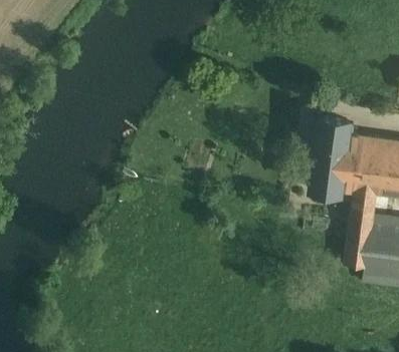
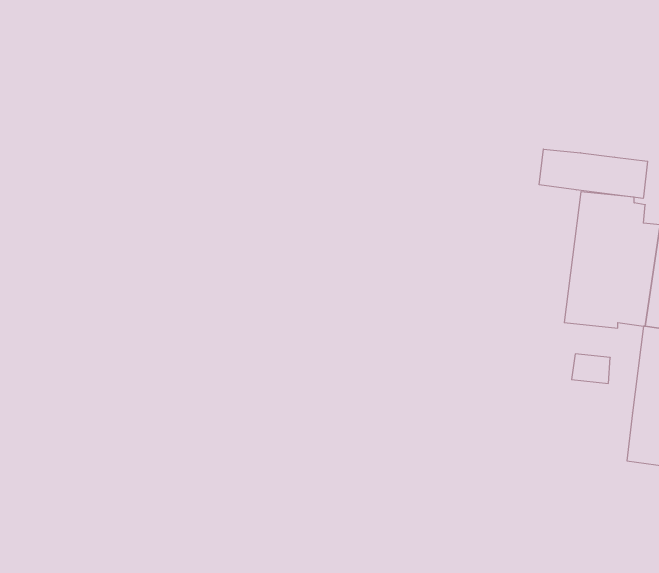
building: none -> [539,149,648,198]

